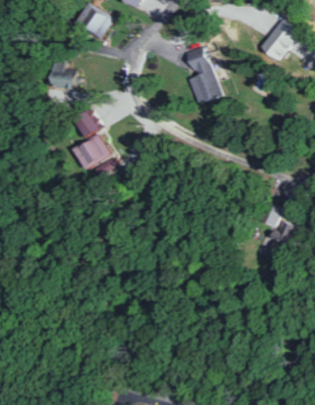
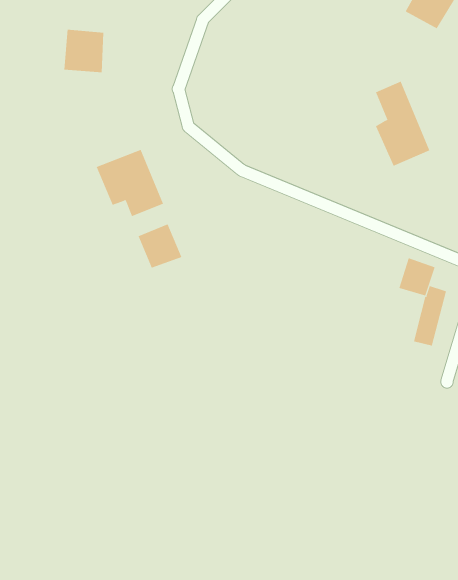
building: [188,51,222,104] -> [375,81,430,167]
building: [71,110,97,138] -> none
building: none -> [138,224,182,268]

